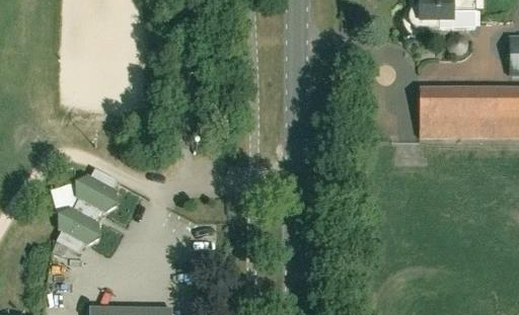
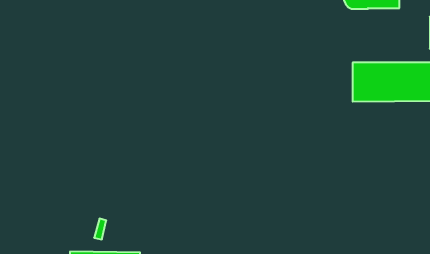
building: [57,168,117,251] -> none

